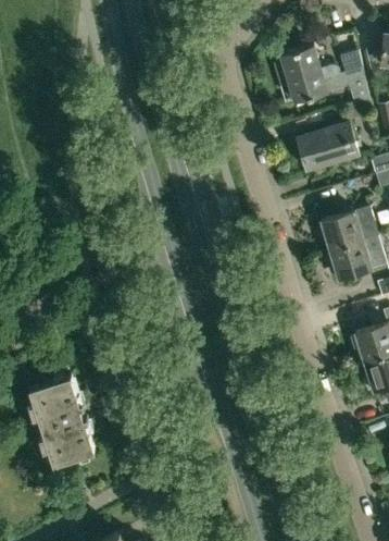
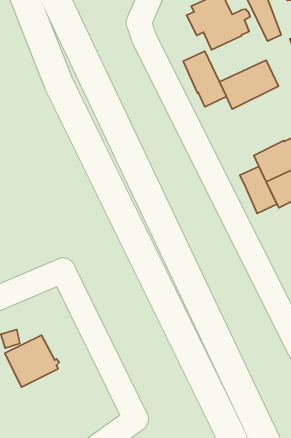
building: none -> [183,51,226,107]
building: none -> [240,167,277,213]
building: [41,413,96,464] -> none

